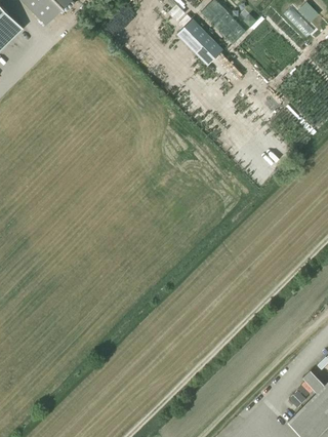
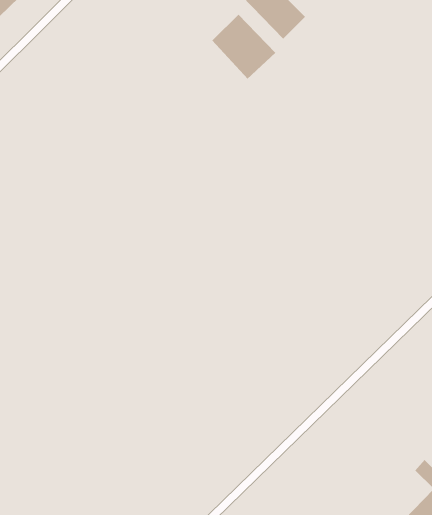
building: none -> [212,14,276,80]

